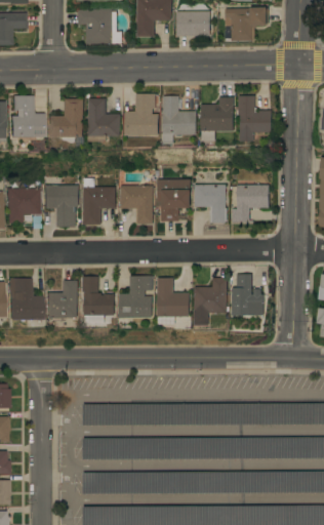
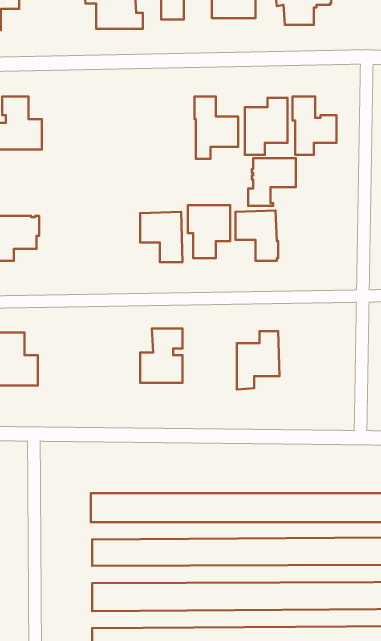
building: [125,93,158,134] -> none
building: [48,98,83,143] -> none
building: [88,98,120,140] -> none
building: [82,177,115,225] -> none
building: [45,185,78,226] -> none
building: [232,185,269,221] -> [248,158,296,206]
building: [232,274,265,315] -> none
building: [83,276,115,322] -> none
building: [158,277,190,324] -> none
building: [45,280,78,322] -> none

